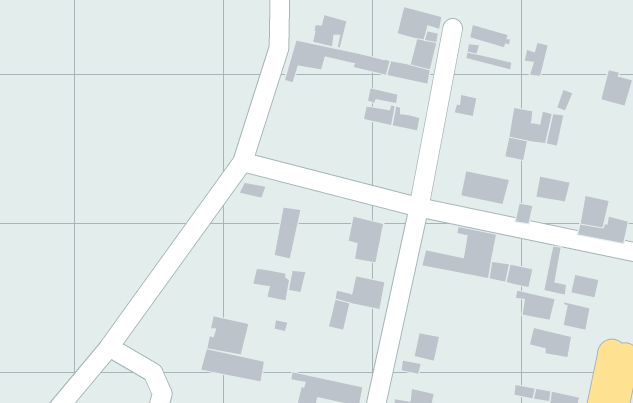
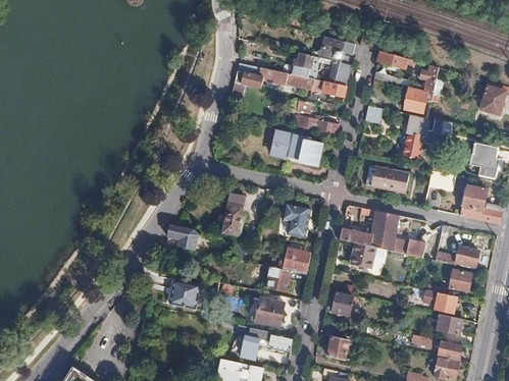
building: [312,15,347,48] -> [292,53,319,79]
building: none -> [403,89,426,113]
building: none -> [272,131,322,167]
building: none -> [468,143,499,178]
building: [252,268,290,301] -> [166,225,196,251]
building: none -> [355,244,380,270]
building: [515,290,555,320] -> [431,312,463,335]
building: none -> [258,298,284,326]
building: [201,348,265,382] -> none

